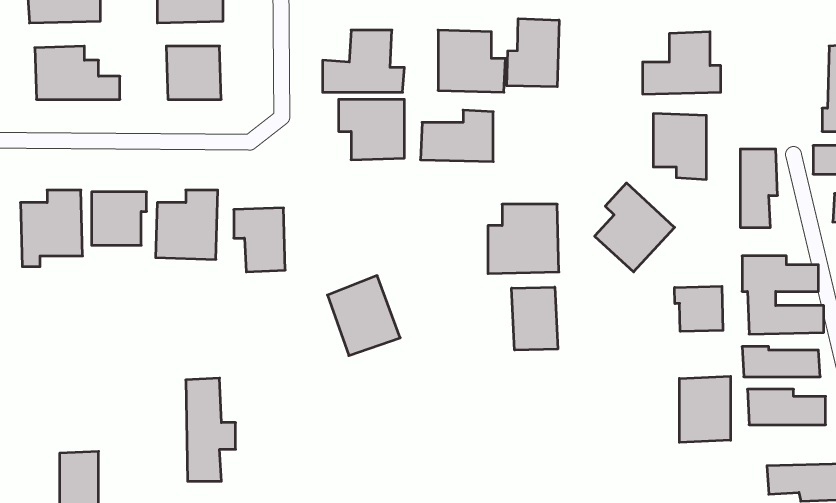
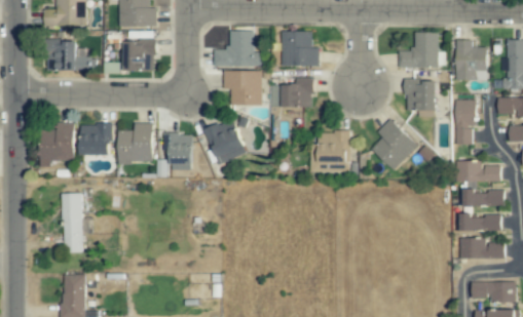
building: [507,19,559,87] -> none
building: none -> [455,39,486,80]
building: [327,276,400,356] -> [204,118,247,164]
building: [675,286,723,331] -> none
building: [512,287,558,350] -> none
building: [679,376,731,442] -> none
building: [186,378,236,481] -> [62,193,90,252]

